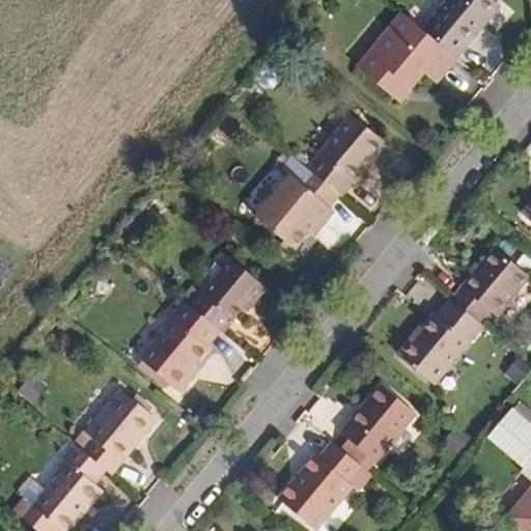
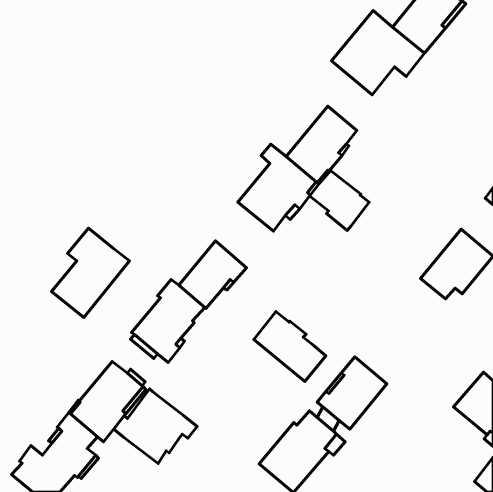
building: none -> [310,170,369,231]
building: none -> [51,228,129,317]
building: [398,299,482,384] -> none
building: none -> [254,312,326,382]
building: none -> [114,389,197,464]

